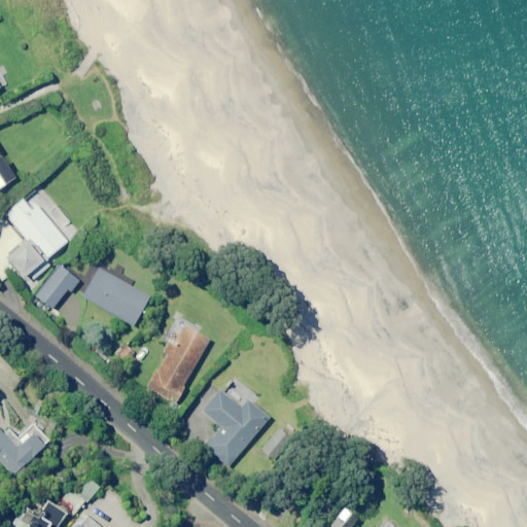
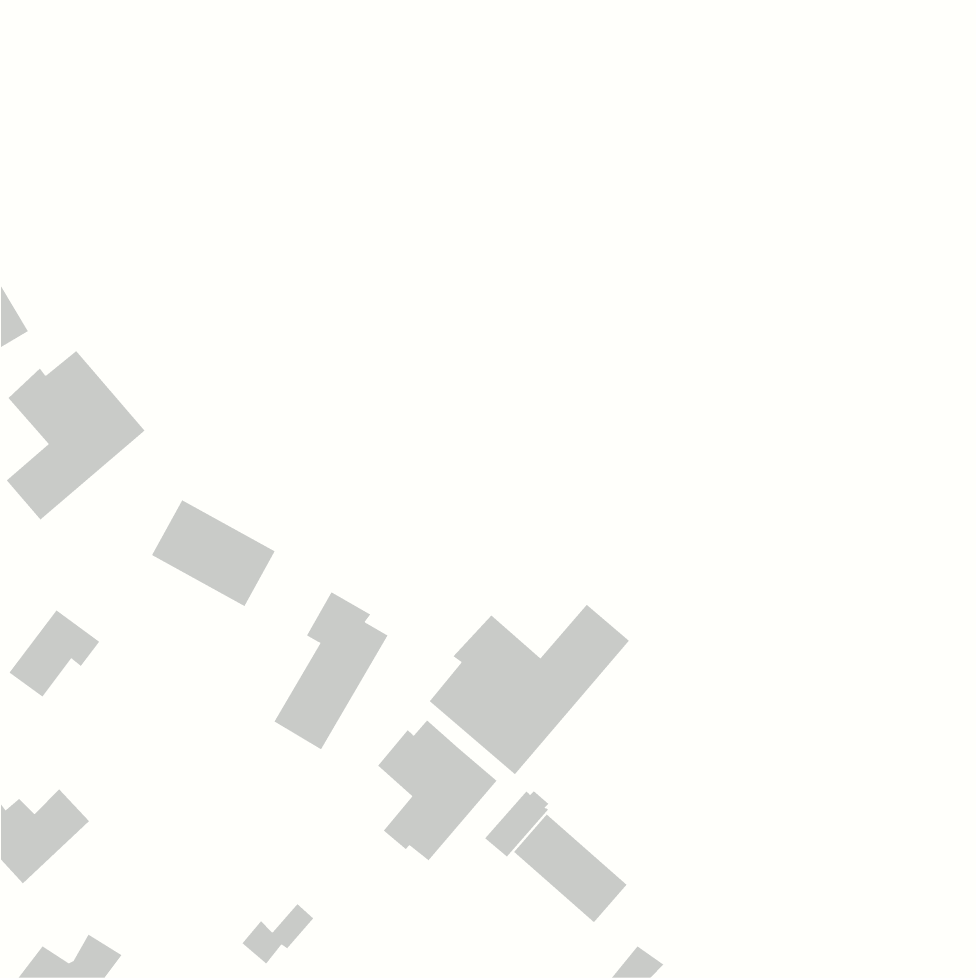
building: [33,262,82,310] -> [8,609,100,697]
building: none -> [429,604,630,775]
building: none -> [513,814,628,923]
building: [61,480,100,513] -> [242,903,314,964]

